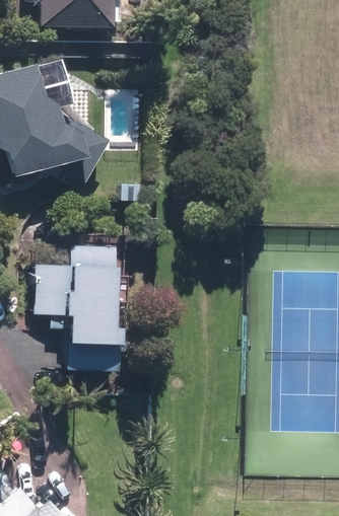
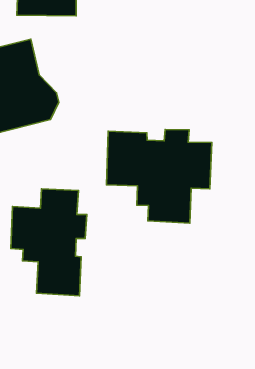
building: none -> [106,130,212,223]

